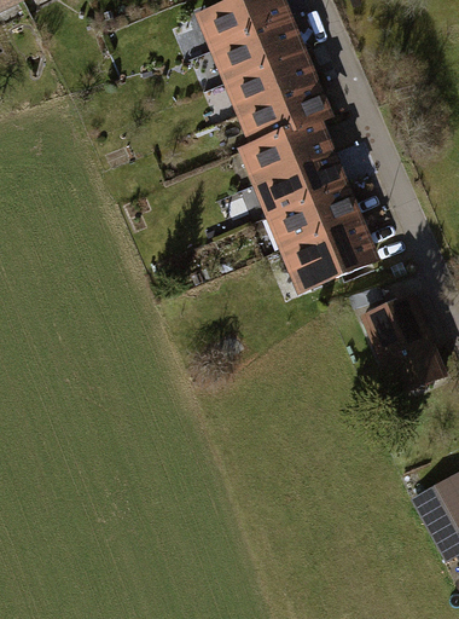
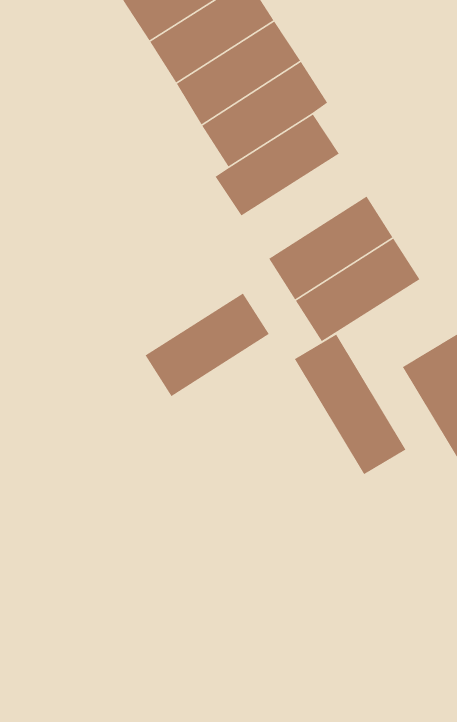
building: [255,157,349,225] -> [144,292,270,397]
building: none -> [294,333,406,475]

